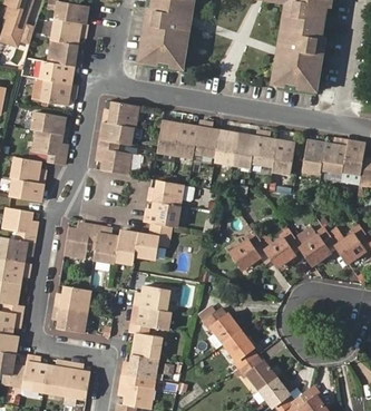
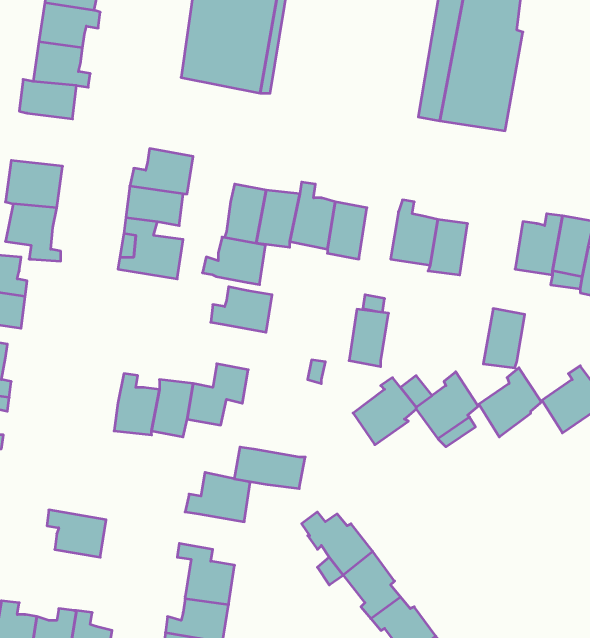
building: [42,81,76,106] -> none
building: [232,135,254,167] -> [349,309,389,367]
building: [301,139,324,173] -> [483,309,525,368]
building: [144,200,179,227] -> [202,237,266,285]
building: [65,227,99,258] -> none
building: [57,285,92,311] -> none
building: [130,306,170,330] -> [234,447,305,489]

